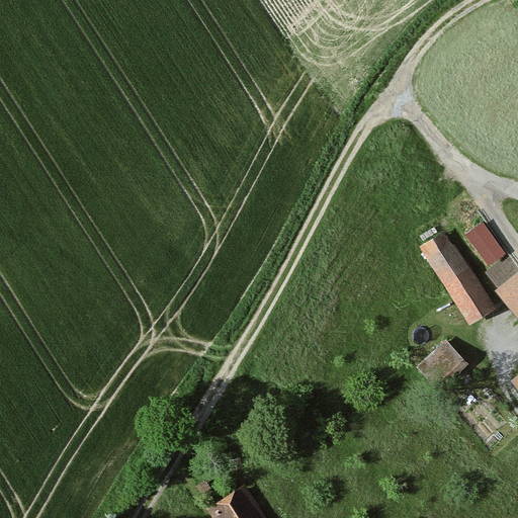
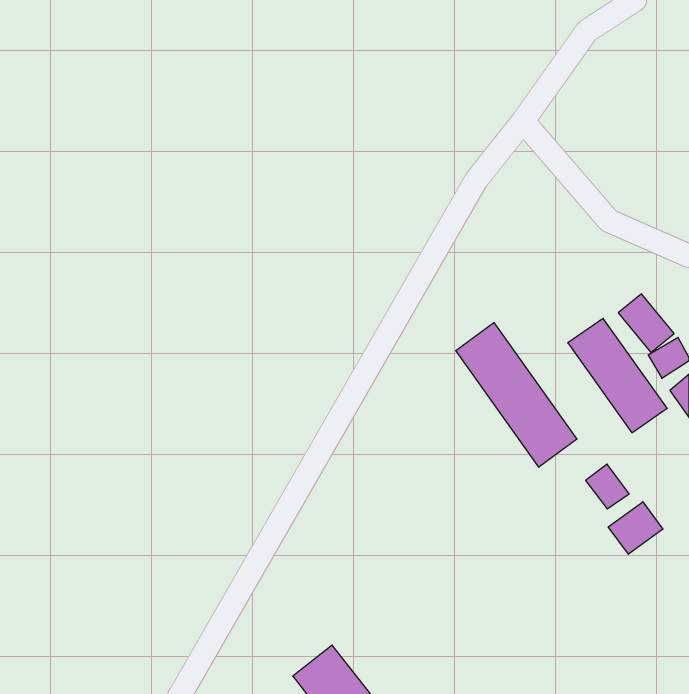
building: none -> [456,323,577,467]
building: none -> [608,502,663,554]

